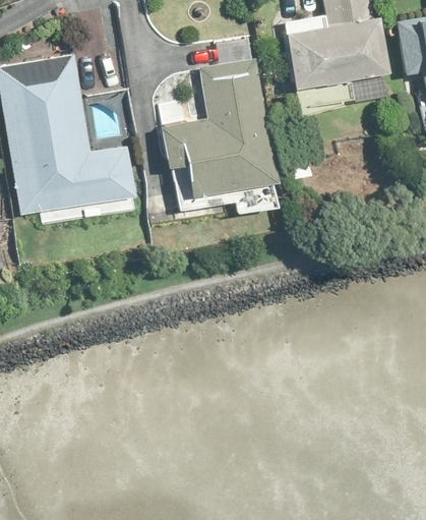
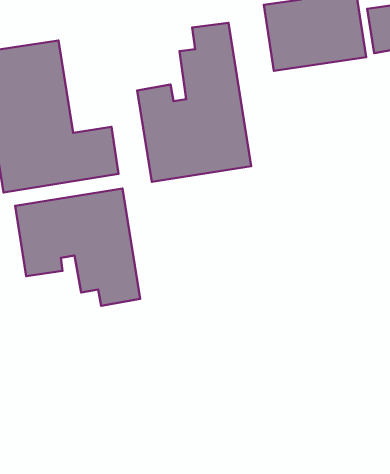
building: none -> [15,189,140,306]

